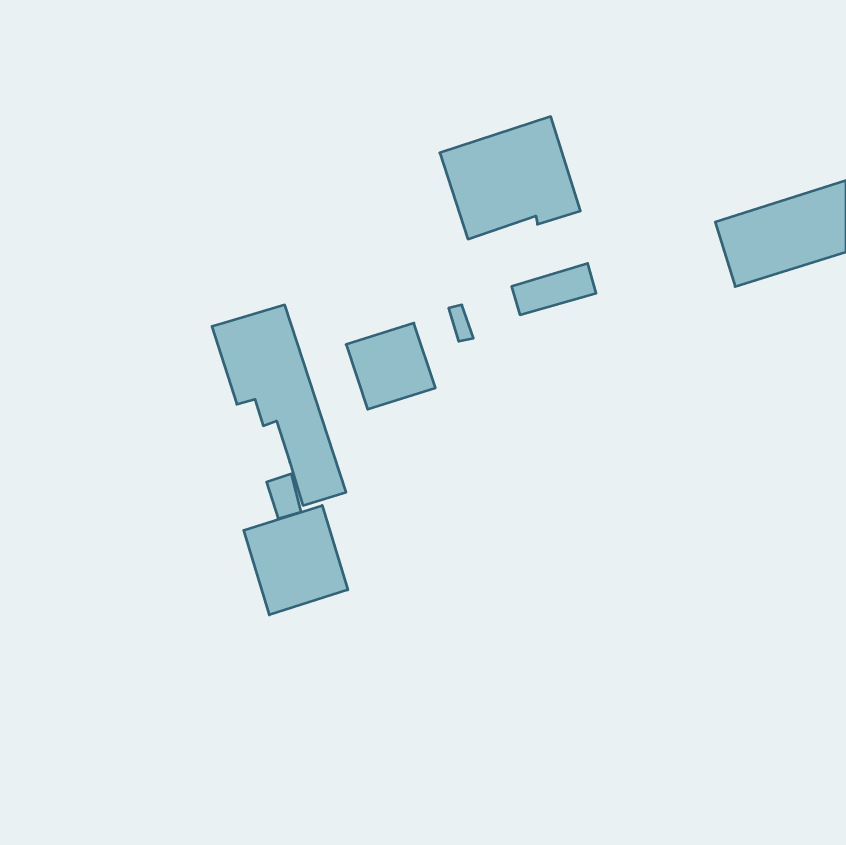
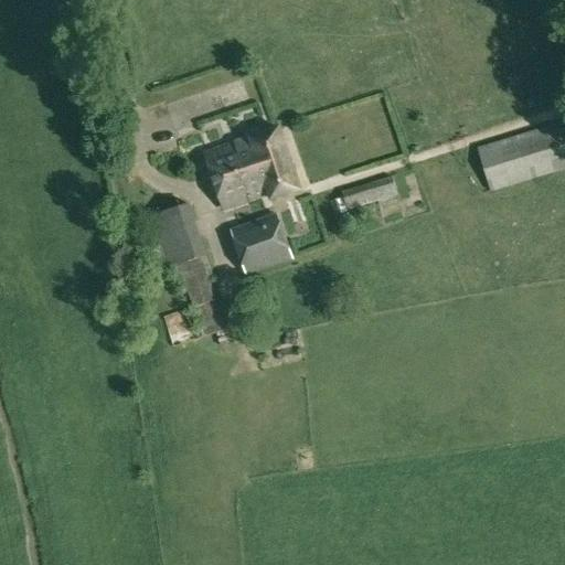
building: [440,117,580,239] -> [205,127,299,209]
building: [244,505,348,615] -> none

